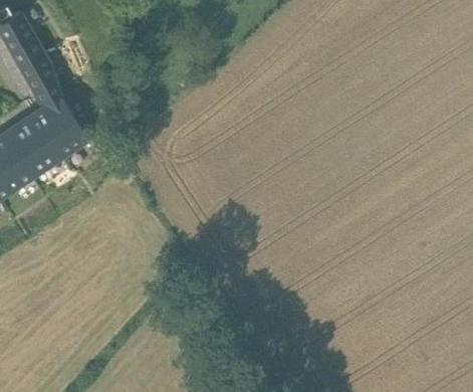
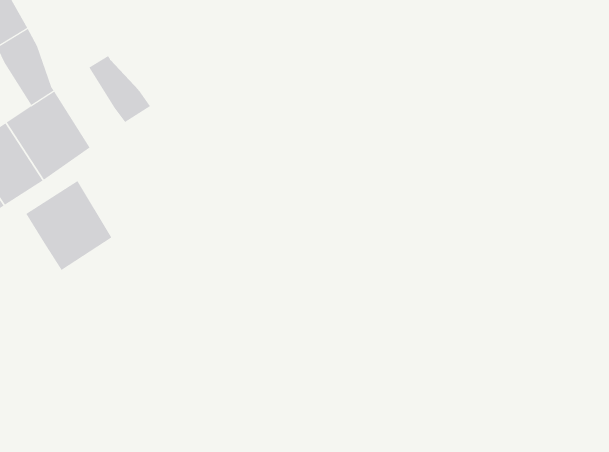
building: none -> [88,55,151,123]
building: none -> [25,180,112,271]

